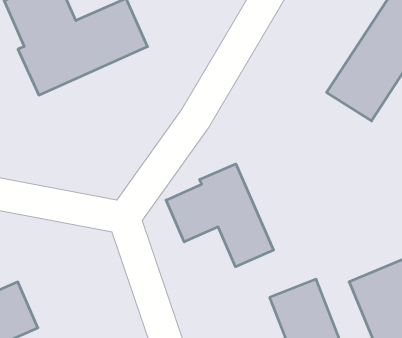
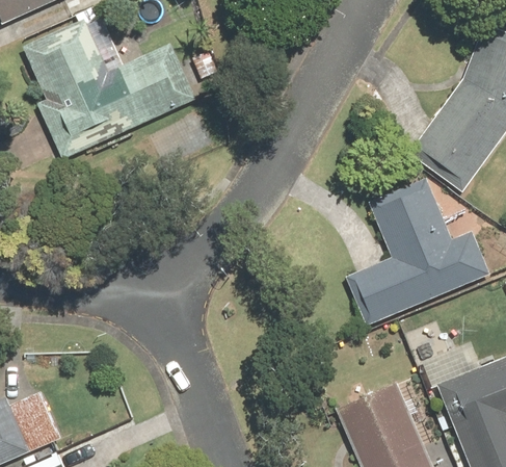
building: none -> [345,179,489,325]
building: [166,164,274,267] -> none

